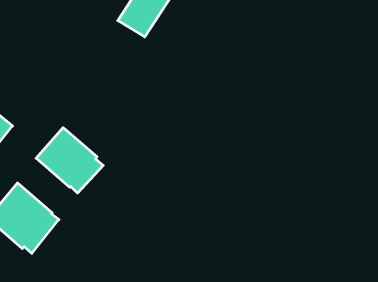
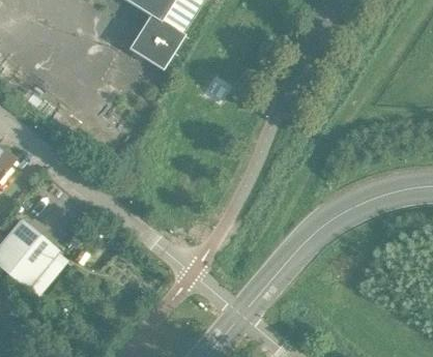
building: [36,128,103,193] -> none

